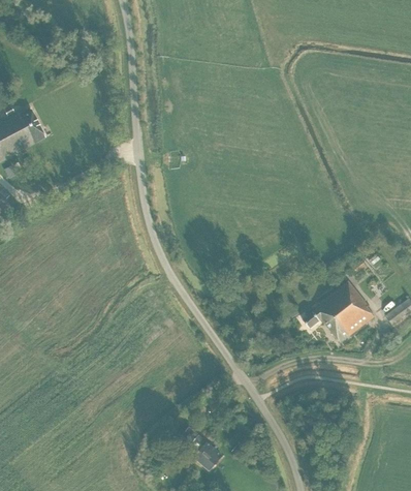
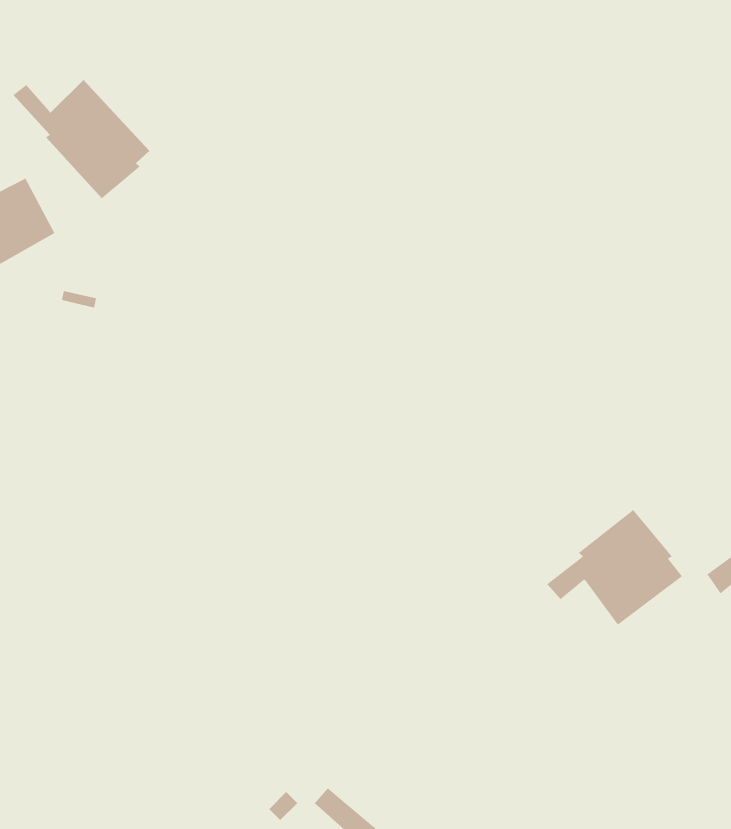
building: none -> [12,79,150,199]

